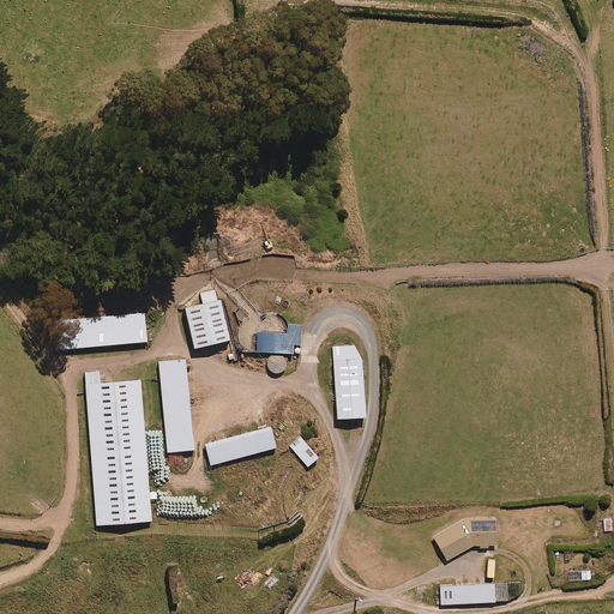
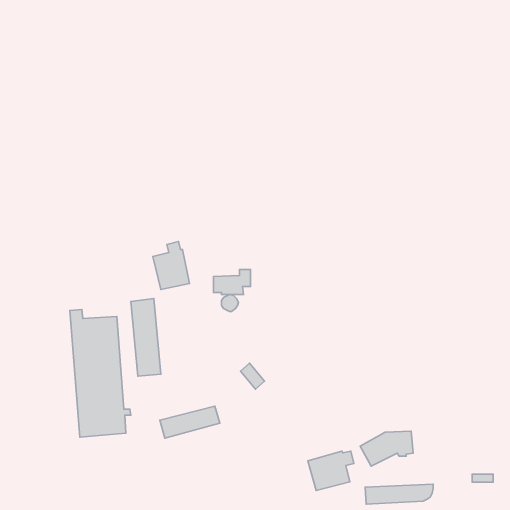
building: [55,313,148,350] -> none
building: [332,345,365,419] -> none
building: [204,427,276,465] -> [160,406,220,438]
building: none -> [308,451,354,490]

